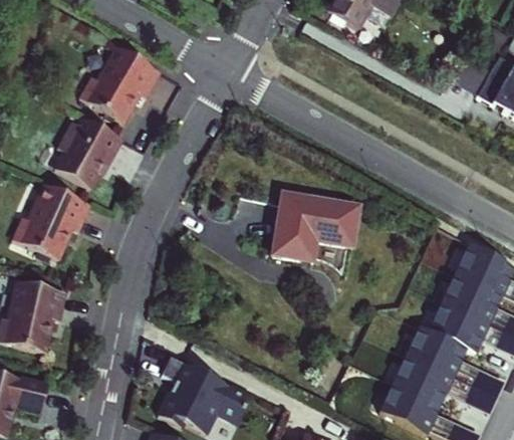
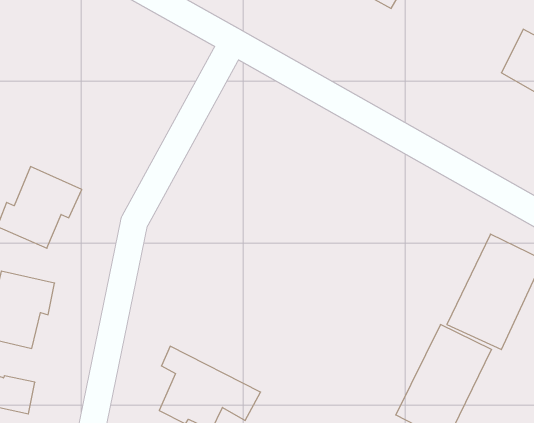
building: [78,45,160,122] -> none
building: [54,116,122,187] -> none
building: [272,194,357,259] -> none

